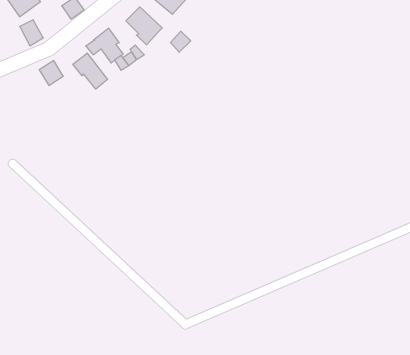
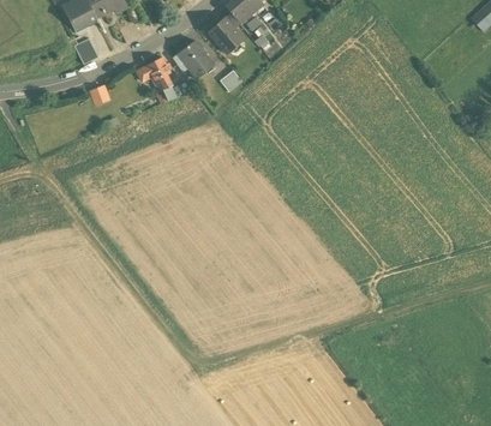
building: [73,53,108,89] -> none

